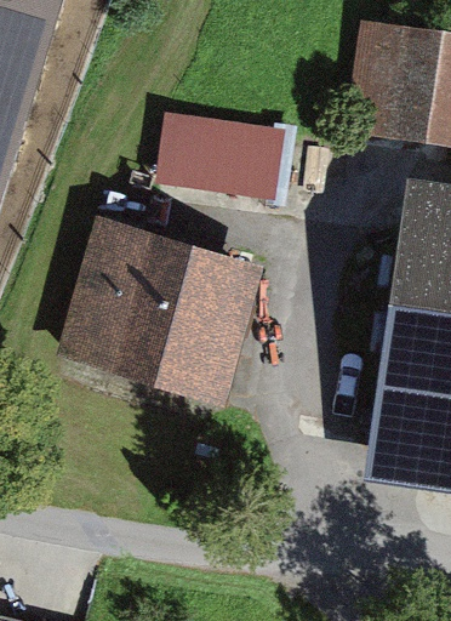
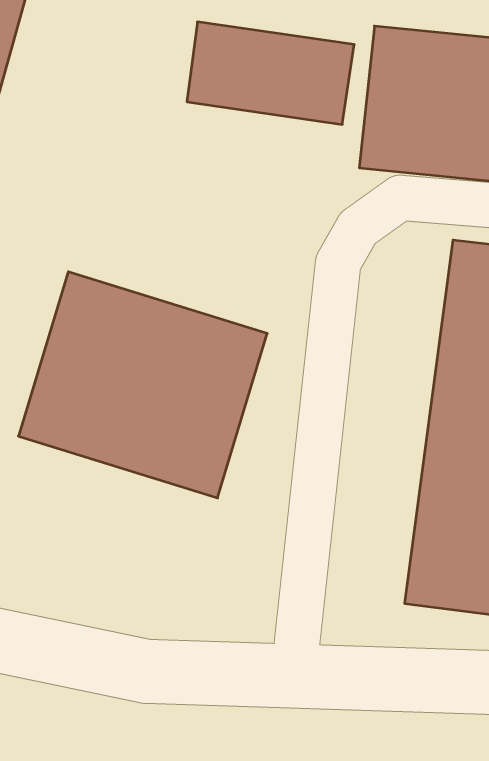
building: [155,109,290,192] -> [187,22,354,124]

